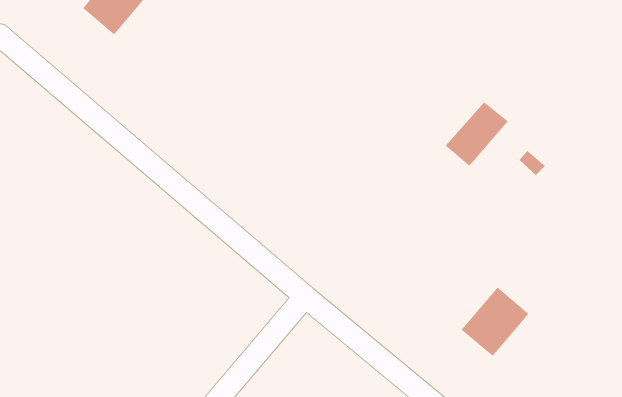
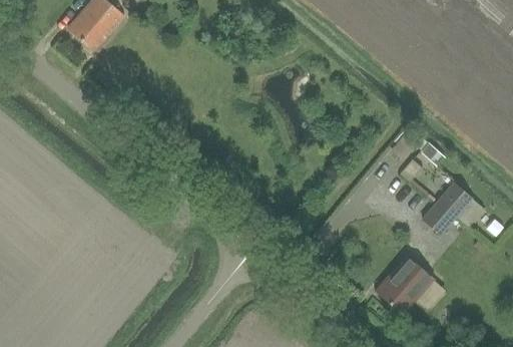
building: [445,102,509,167] -> [421,183,473,236]

